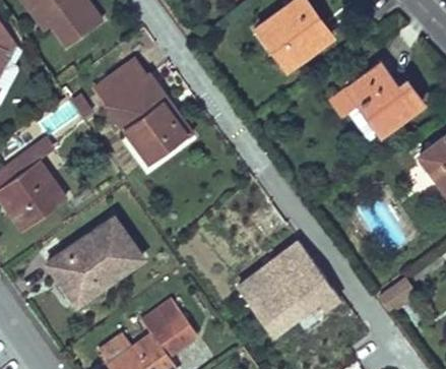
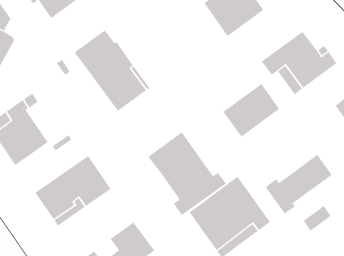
building: none -> [222,83,280,137]
building: none -> [148,132,227,216]
building: none -> [265,154,332,214]

